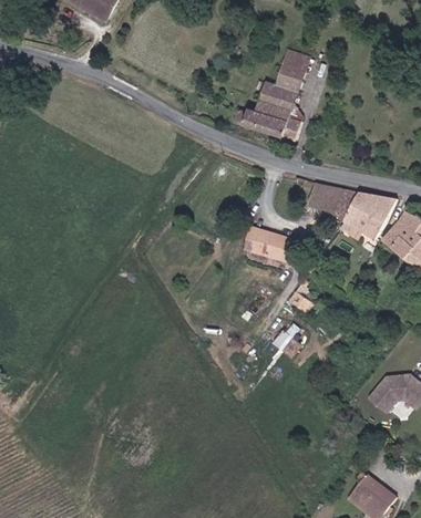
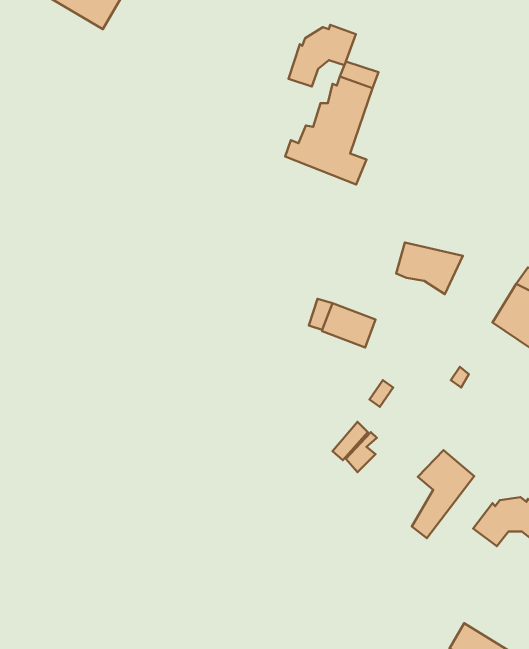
building: none -> [288,25,356,86]
building: [352,196,399,240] -> none
building: none -> [412,450,474,538]

